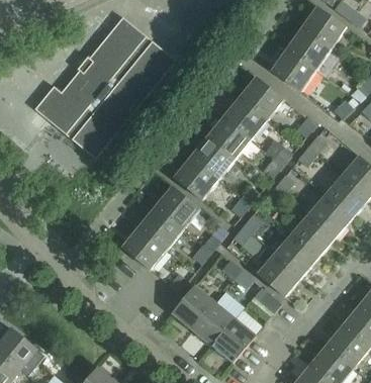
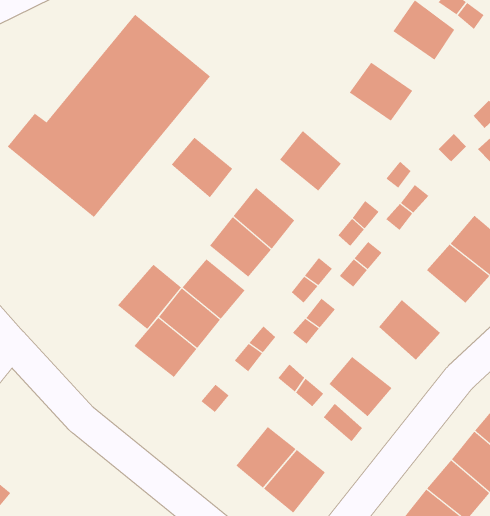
building: [287,28,332,70] -> none
building: [240,77,284,120] -> none
building: [207,117,251,160] -> [171,137,233,198]
building: none -> [117,264,182,330]
building: [308,194,353,237] -> none
building: [274,233,318,276] -> none
building: [173,285,215,329] -> none

